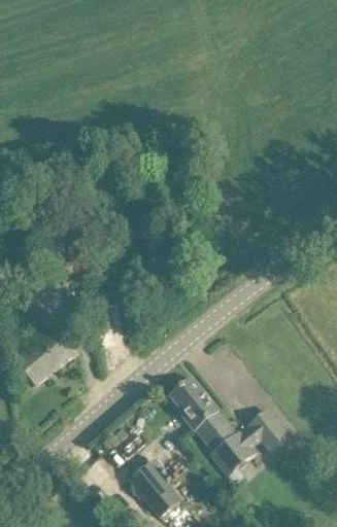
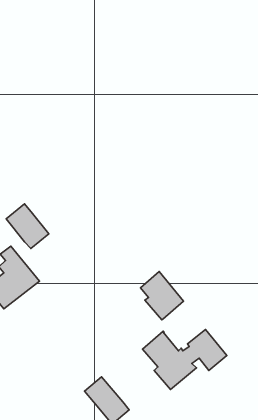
building: none -> [6,204,49,249]
building: [170,377,220,432] -> [140,272,183,320]

